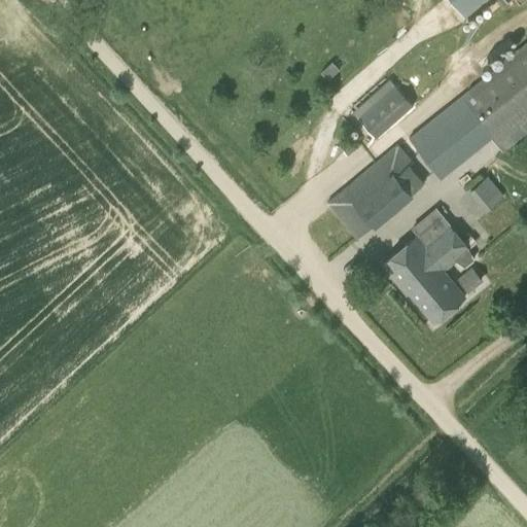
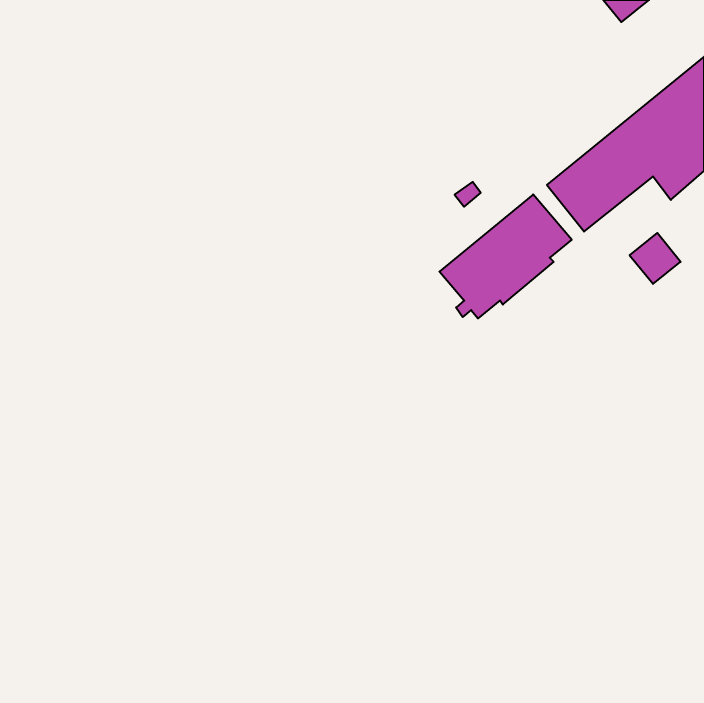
building: [358,86,417,143] -> none
building: [382,210,475,324] -> none

